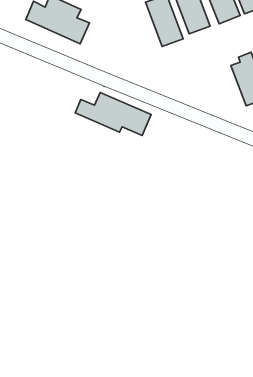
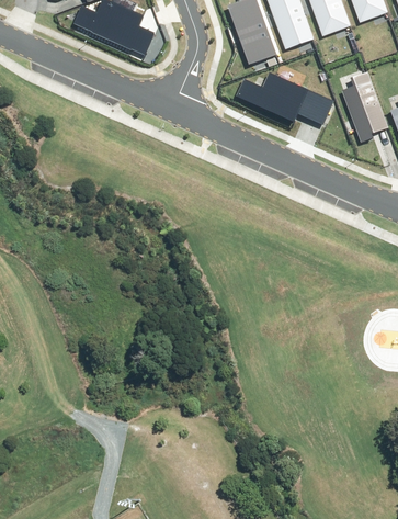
building: [75,93,151,135] -> [236,70,336,126]

